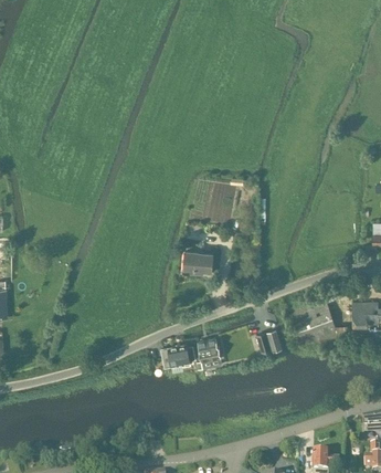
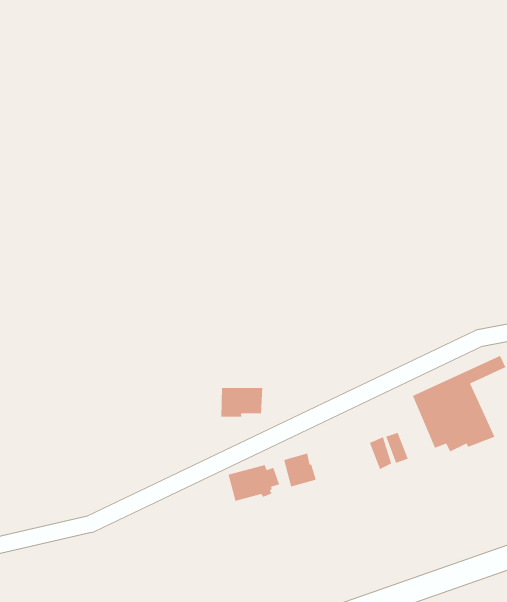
building: [183,251,213,272] -> [220,387,263,417]

